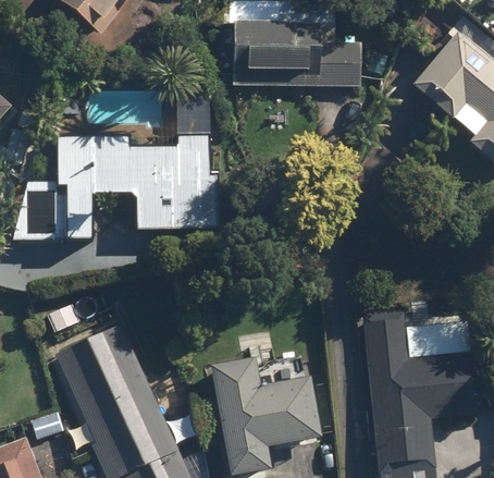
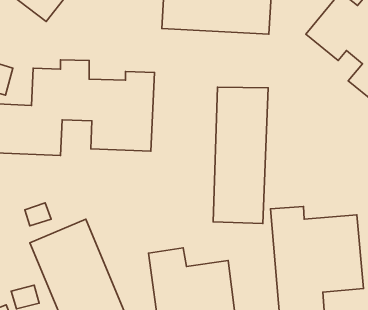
building: none -> [213,87,268,224]

